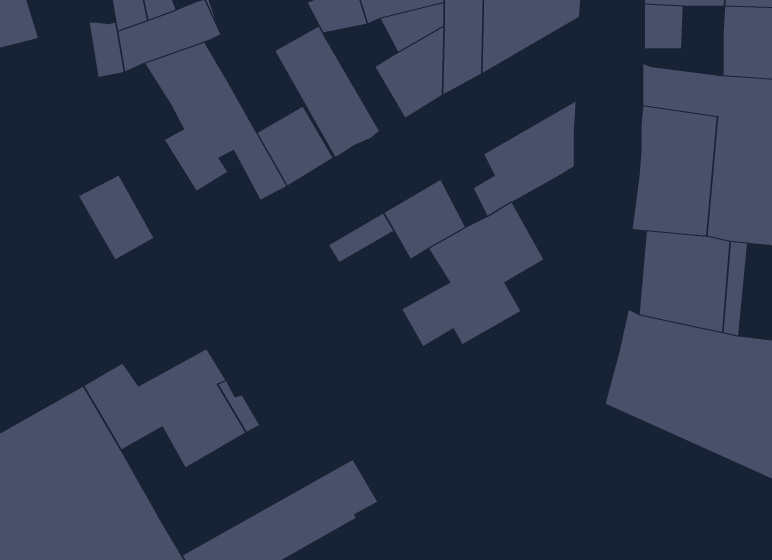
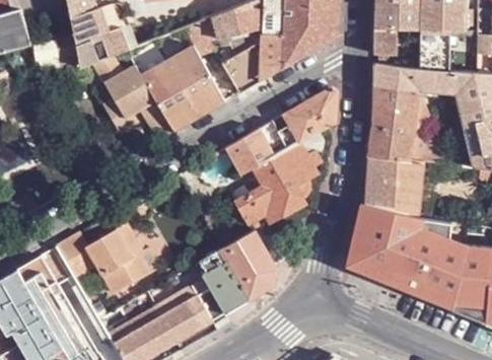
building: none -> [136,57,181,102]
building: [78,175,154,260] -> none
building: none -> [196,231,278,313]

